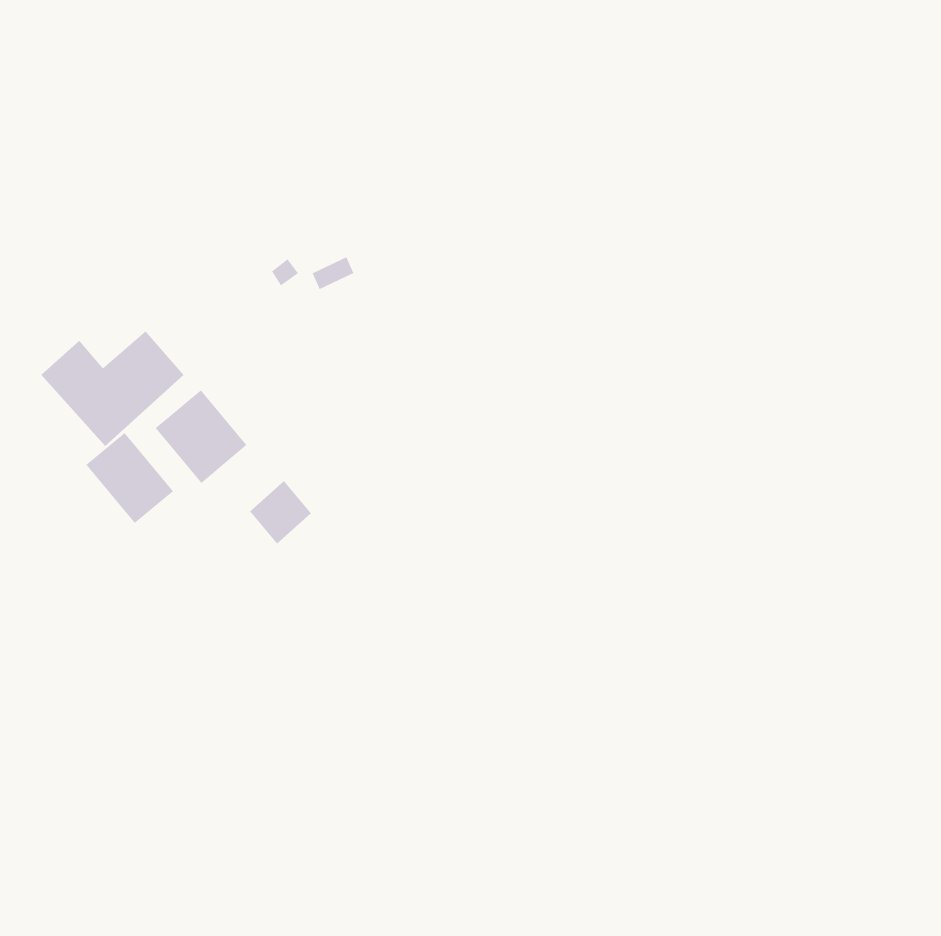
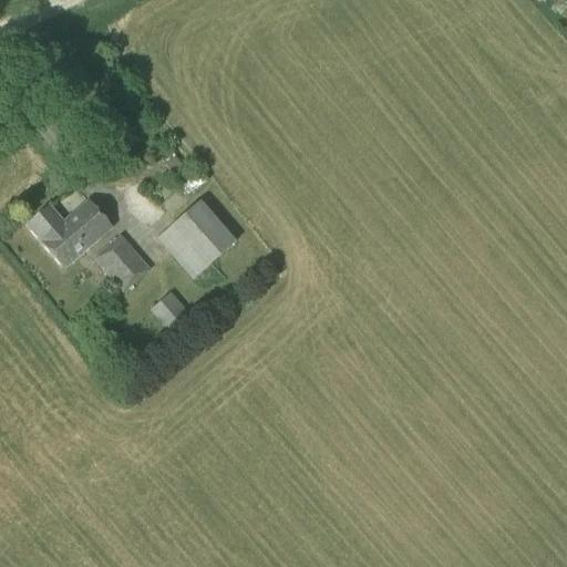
building: none -> [157,198,235,278]
building: [85,432,174,524] -> none

